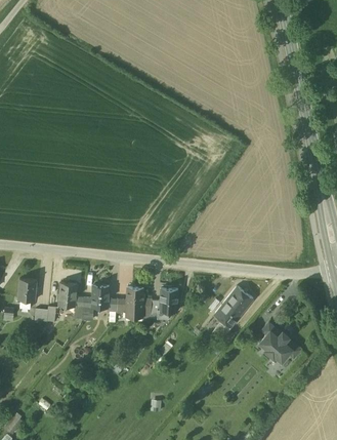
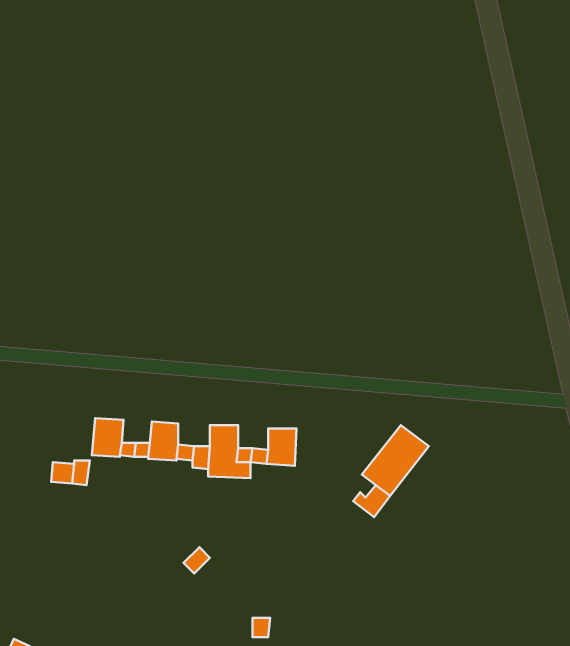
building: [17,279,37,309] -> none
building: [260,322,300,360] -> none

